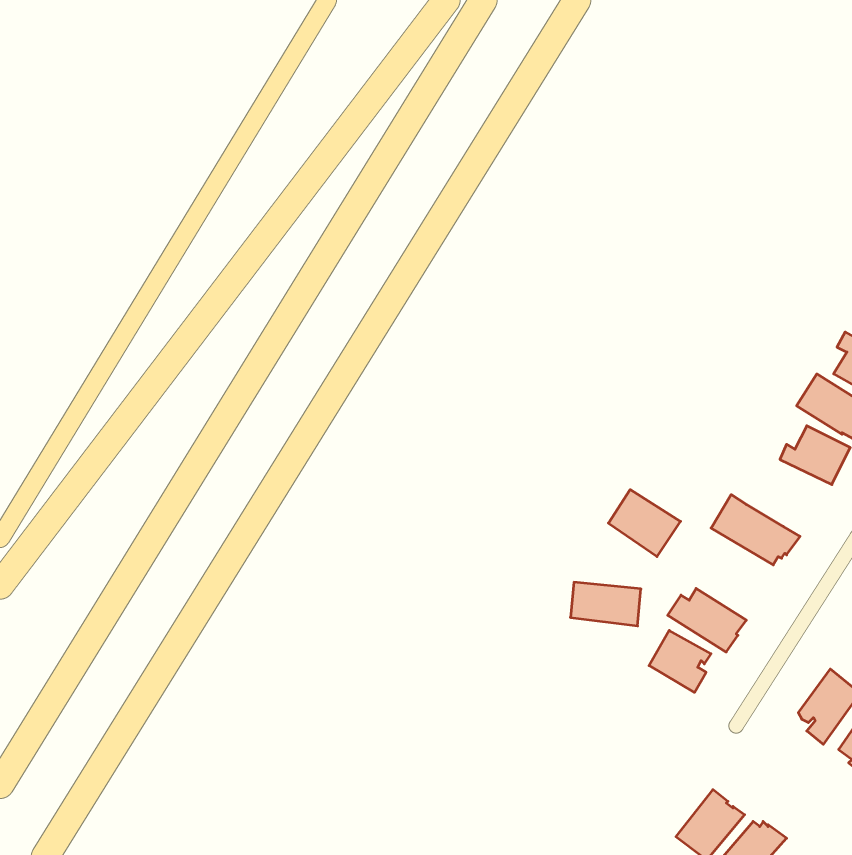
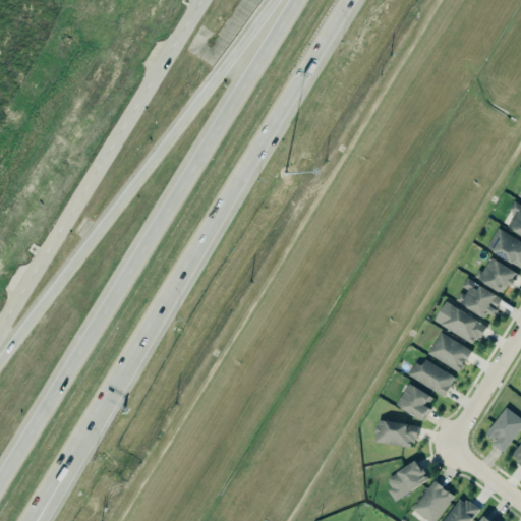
building: none -> [459,279,504,322]
building: [608,490,681,557] -> [429,333,473,373]
building: [570,582,641,626] -> [375,422,418,449]
building: none -> [388,462,430,503]

